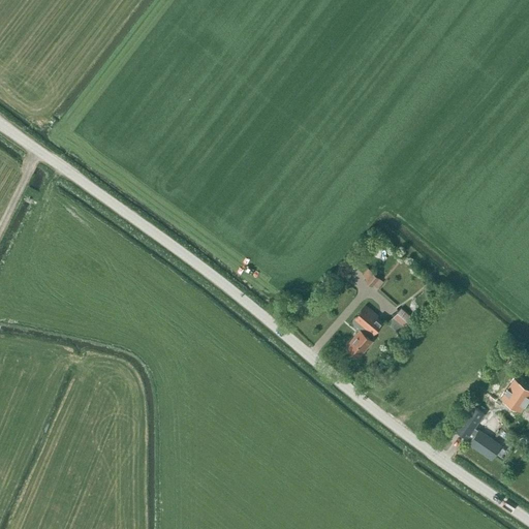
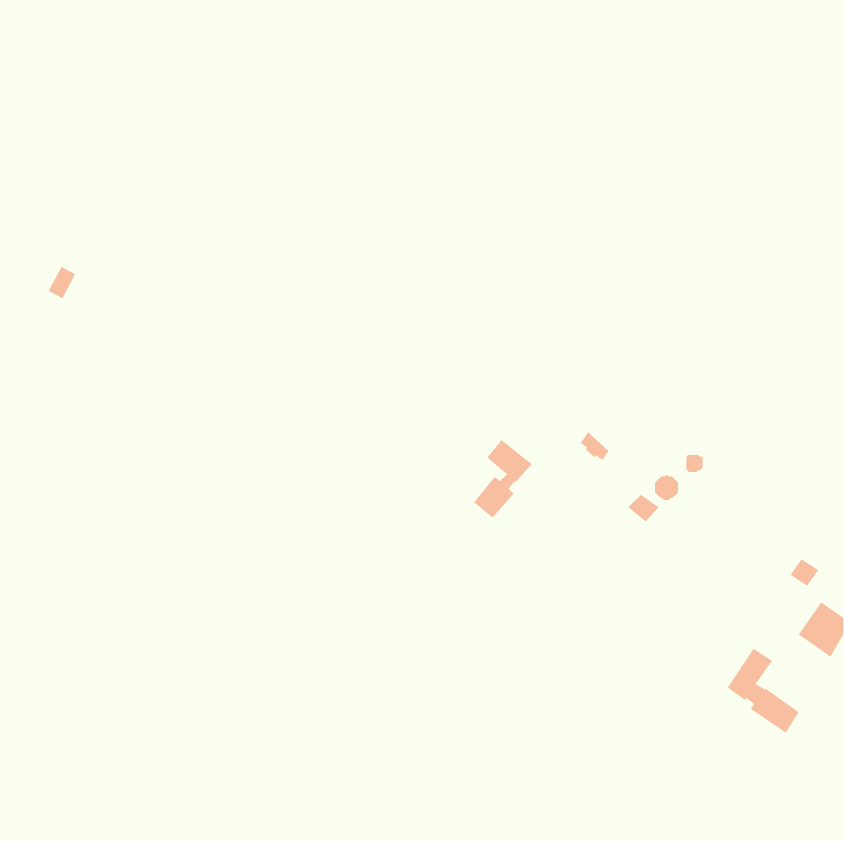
building: [346,309,383,359] -> [473,439,533,519]

